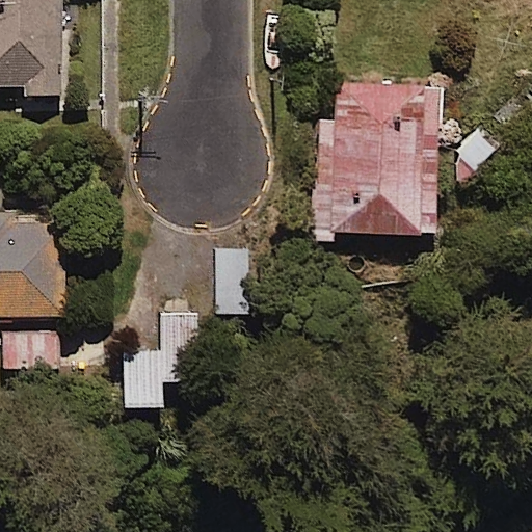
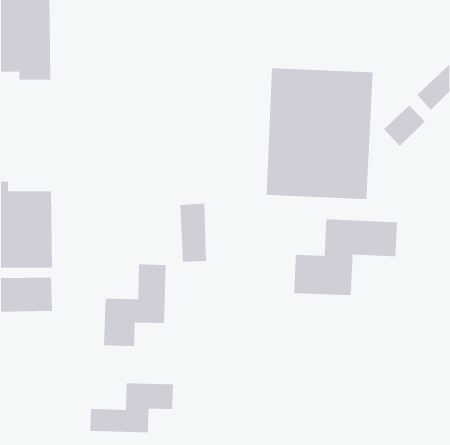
building: none -> [294,219,397,296]
building: none -> [90,383,173,433]

